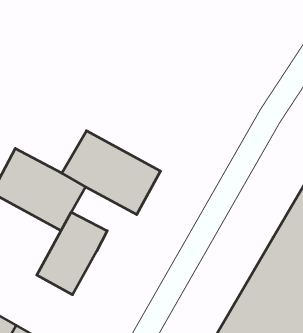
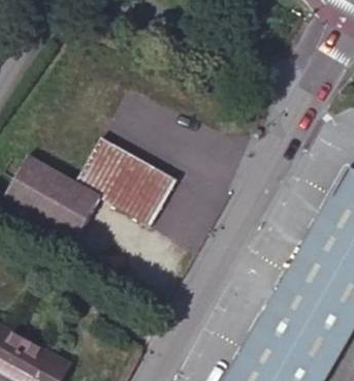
building: [37,212,107,295] -> none

